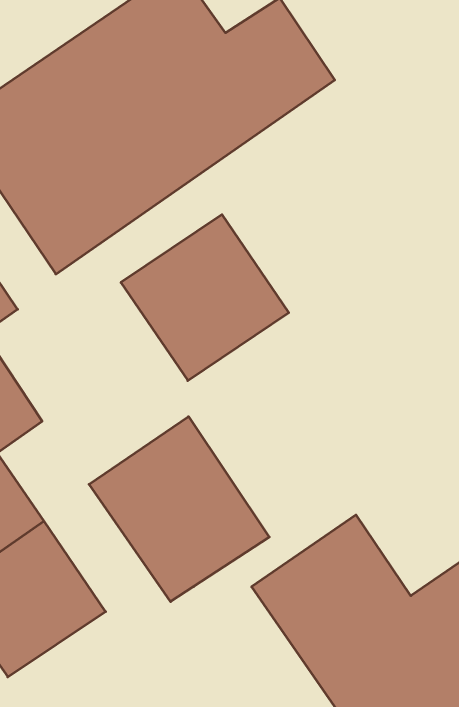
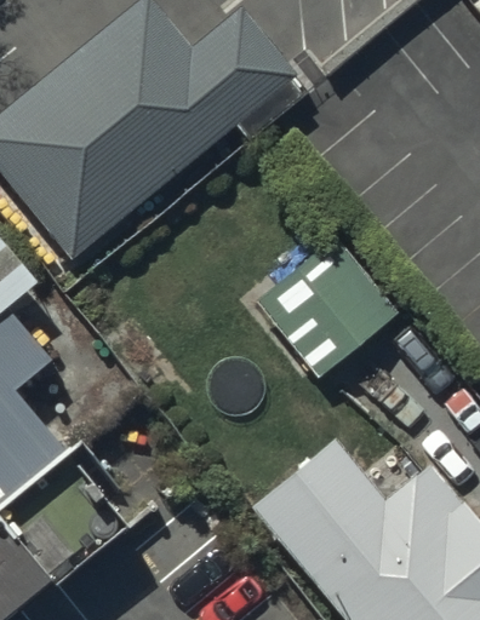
building: [121,215,289,381] -> [255,235,395,374]
building: [89,417,269,602] -> none

